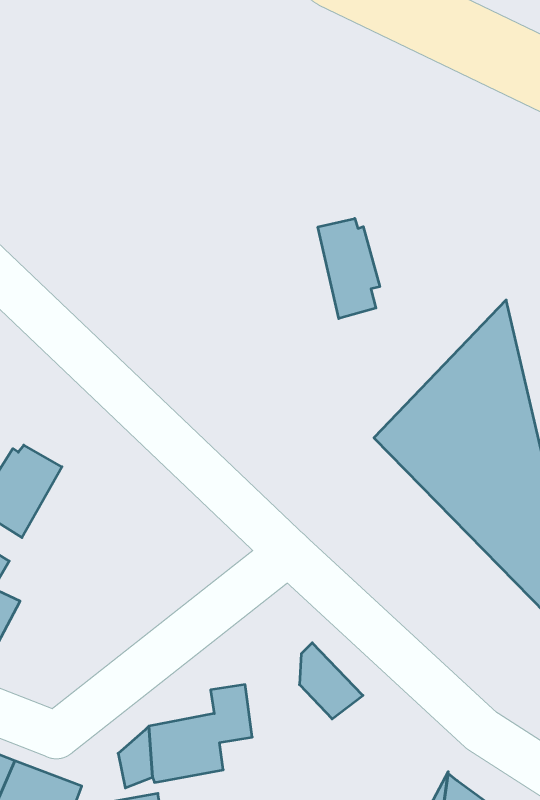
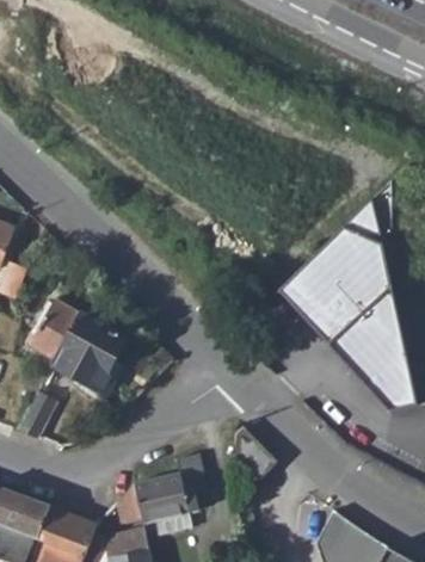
building: [318,218,380,319] -> none
building: none -> [54,313,127,393]

